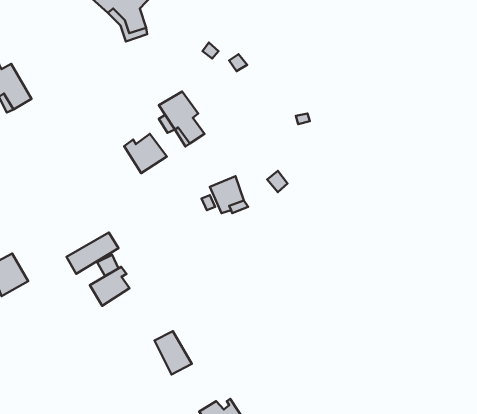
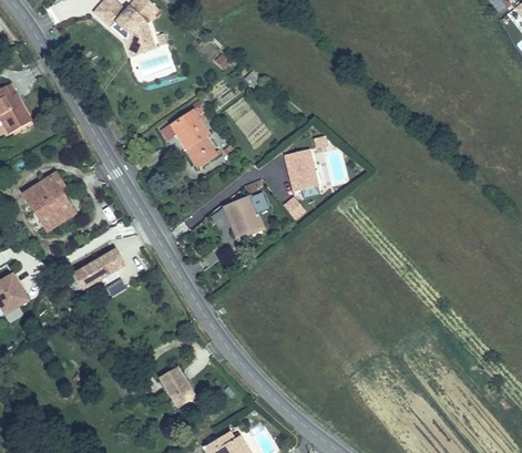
building: none -> [282,142,315,185]
building: [124,134,167,173] -> none
building: none -> [24,167,76,225]
building: [90,267,129,306] -> none

